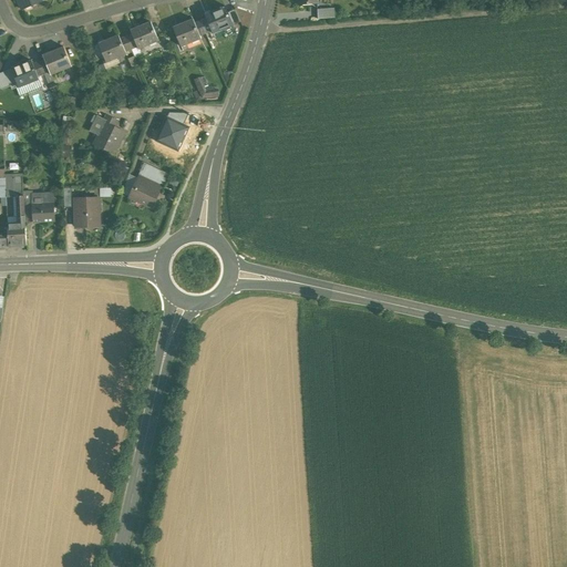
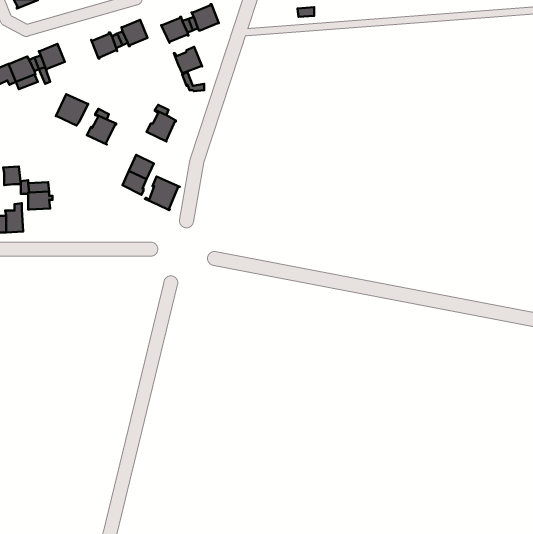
building: none -> [174,47,202,74]
building: none -> [56,94,88,126]
building: none -> [145,176,180,210]
building: [73,197,96,226] -> none

